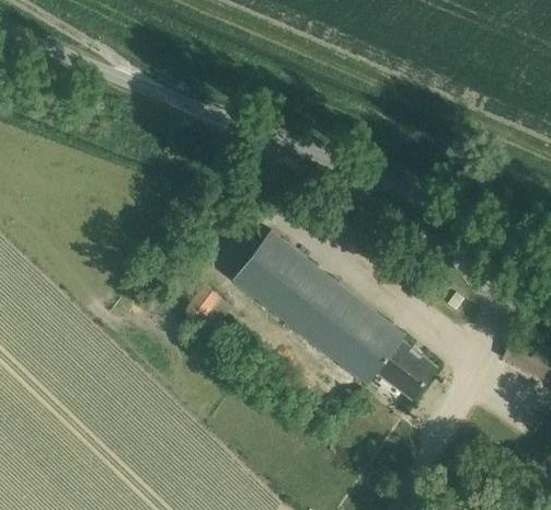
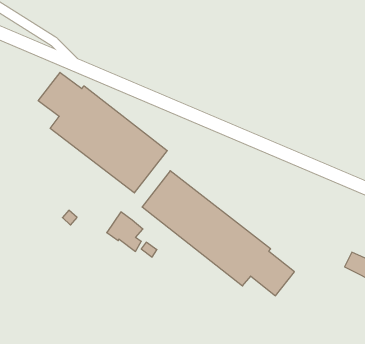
building: none -> [38,72,167,193]

